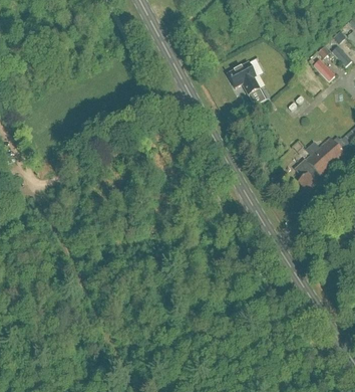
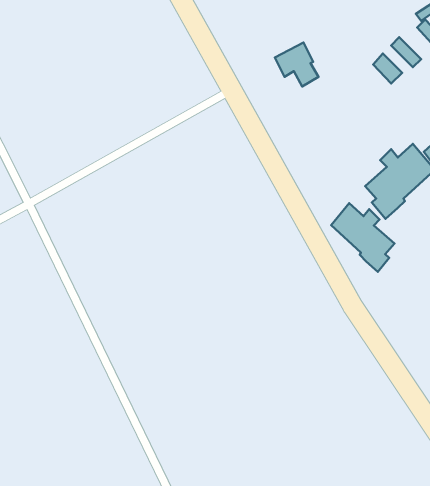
building: none -> [331,203,394,272]

